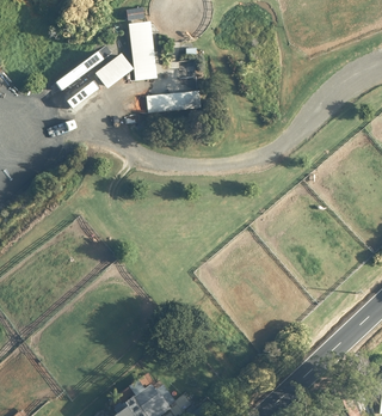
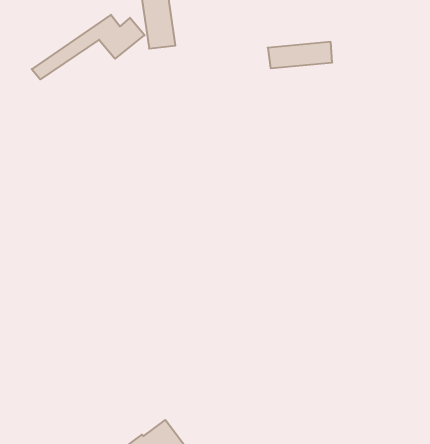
building: [148,90,201,111] -> [268,42,332,68]

